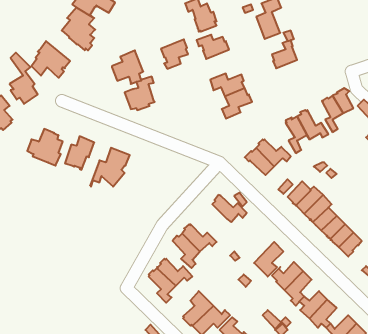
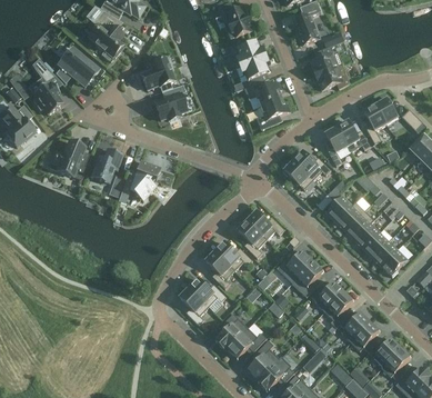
building: [161,39,188,69] -> [240,56,269,87]
building: none -> [314,64,349,89]
building: none -> [237,220,267,258]
building: none -> [275,251,312,282]

